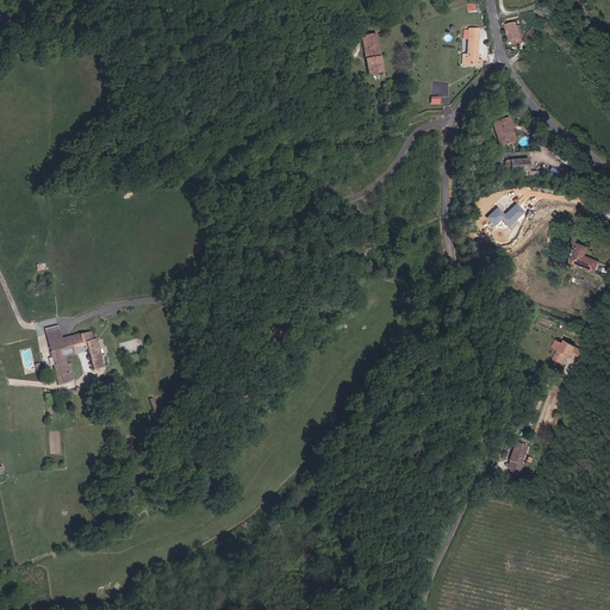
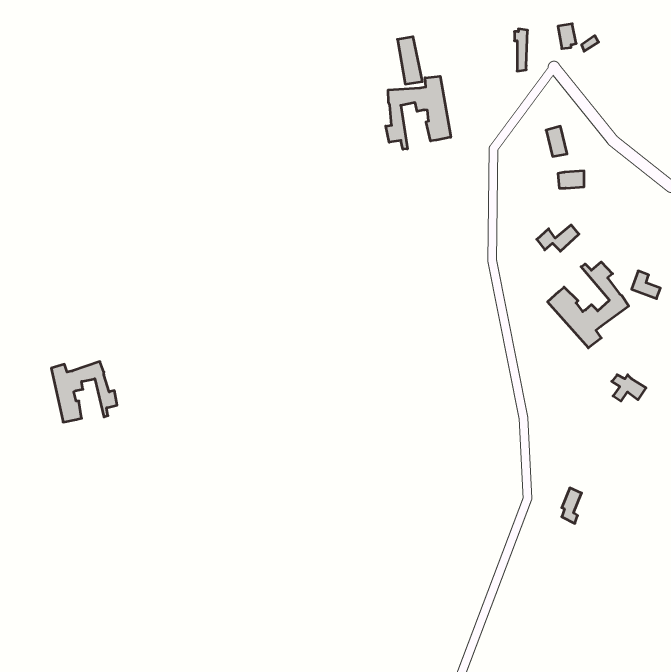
building: none -> [386,76,451,149]
building: none -> [548,262,629,348]

